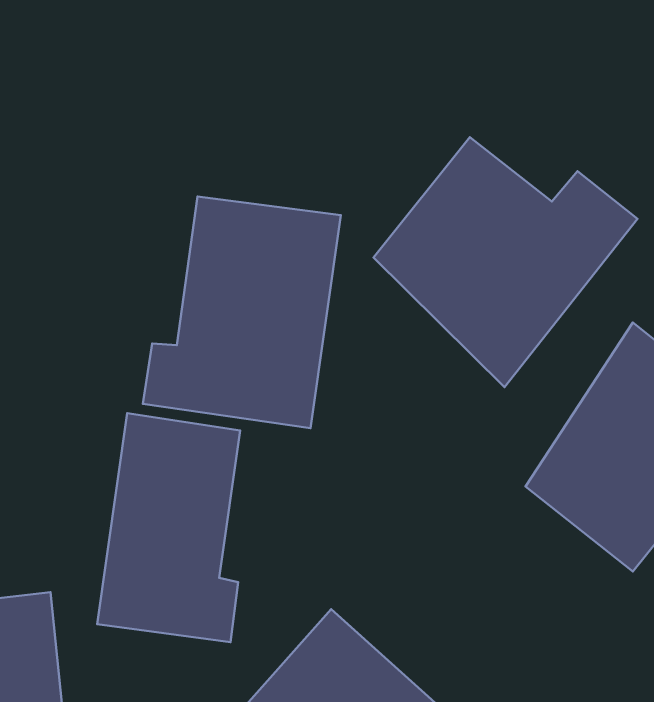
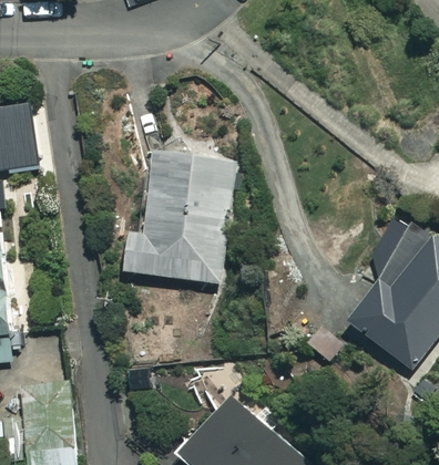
building: [374,137,637,387] -> none
building: [97,413,240,642] -> none

